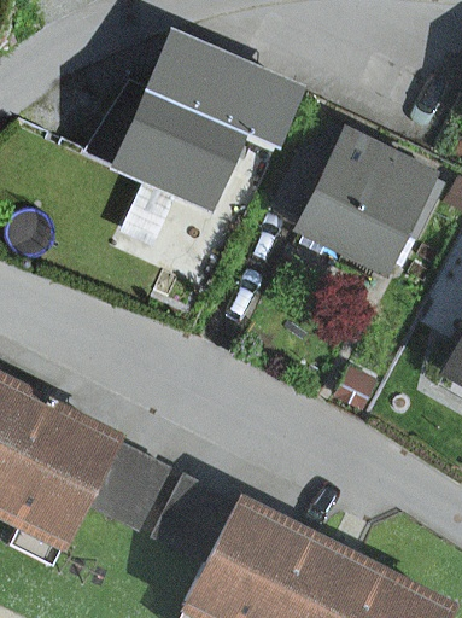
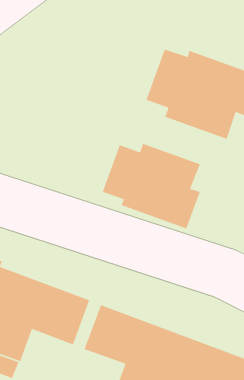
building: [90,77,276,204] -> none
building: none -> [102,143,201,229]

